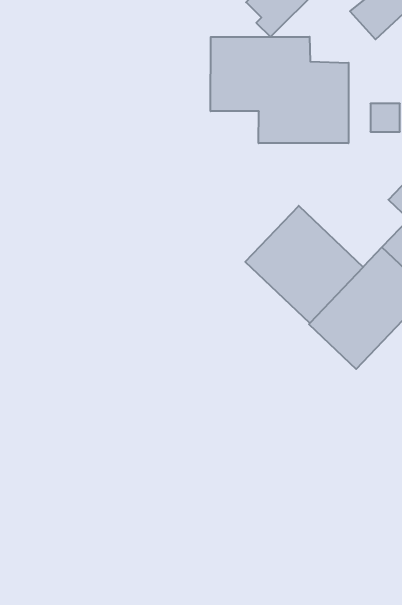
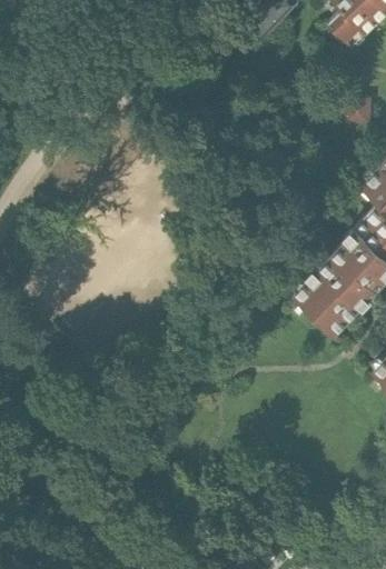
building: [211,37,349,143] -> none
building: [245,206,363,323] -> none

